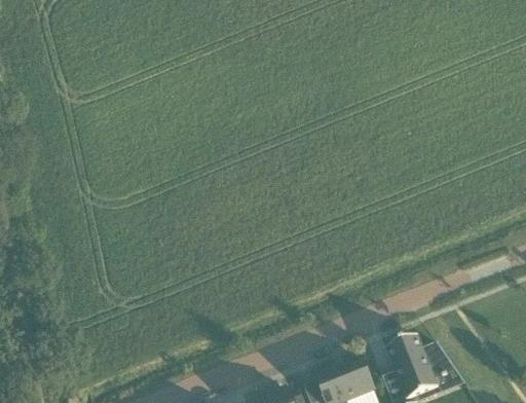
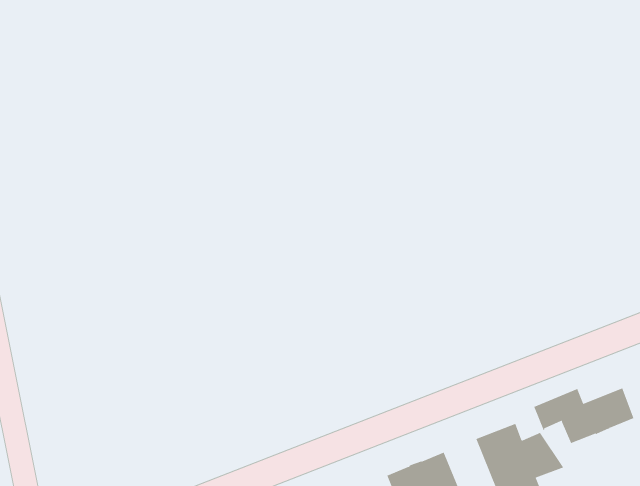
building: none -> [533,388,634,444]

